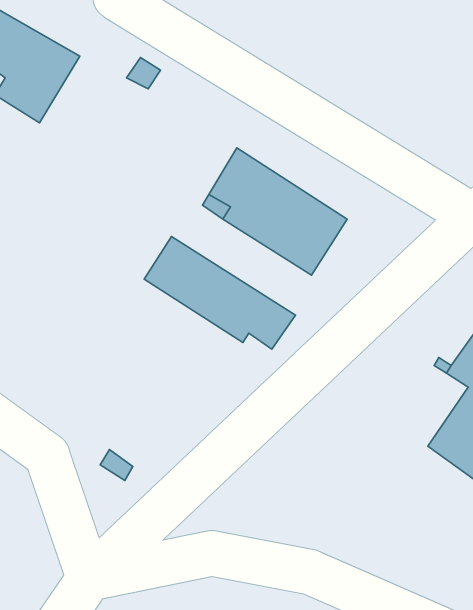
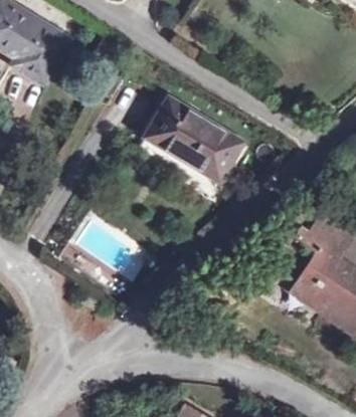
building: [144,237,296,349] -> none

